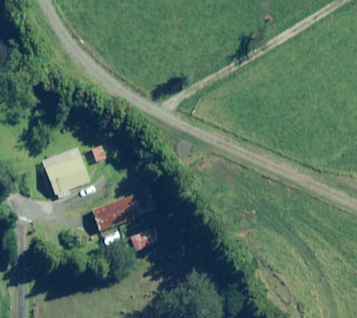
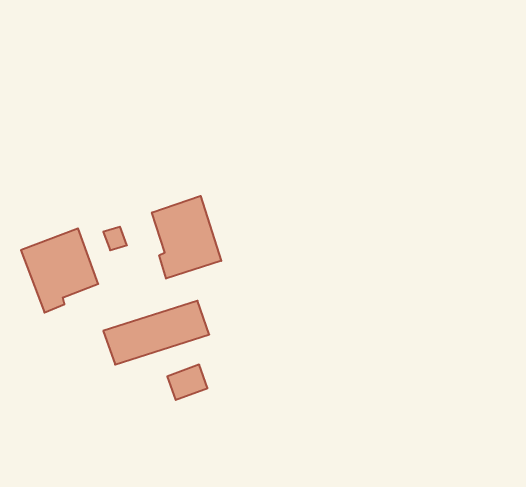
building: none -> [152,196,221,279]

